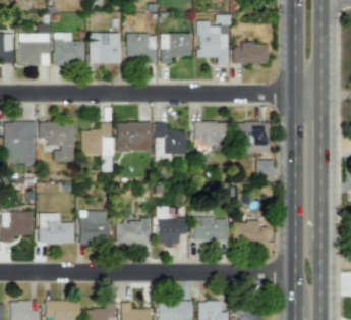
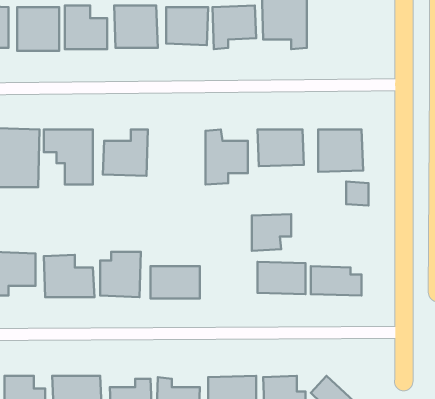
building: [233,43,269,64] -> none
building: [116,122,153,152] -> none
building: [159,218,187,245] -> [252,214,291,251]

